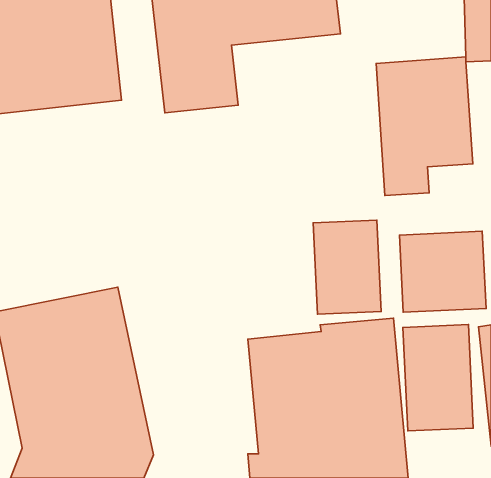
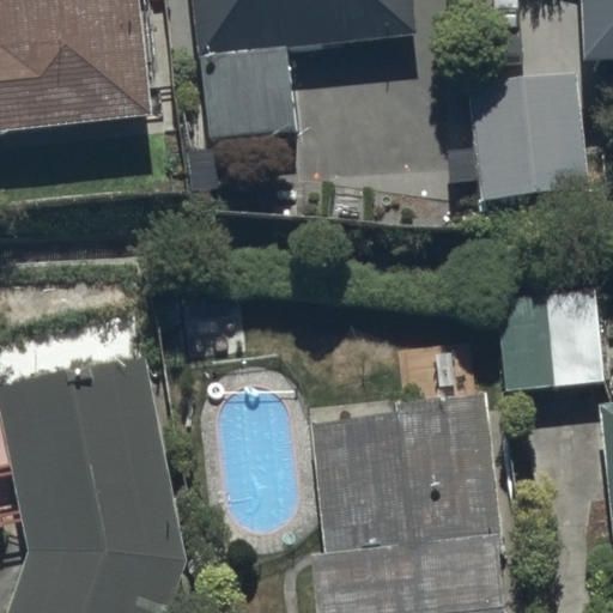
building: [313,220,381,314] -> none
building: [403,325,473,431] -> none

